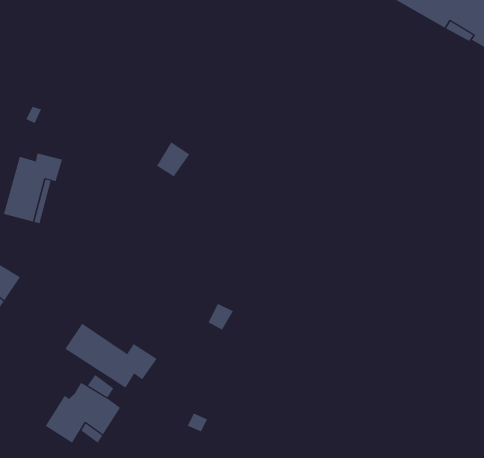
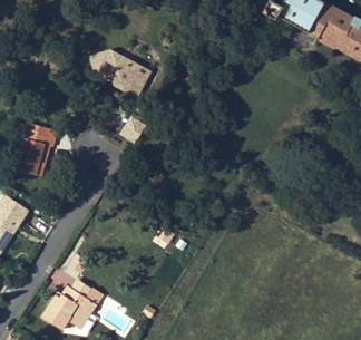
building: none -> [90,48,149,94]
building: [64,323,157,389] -> none

